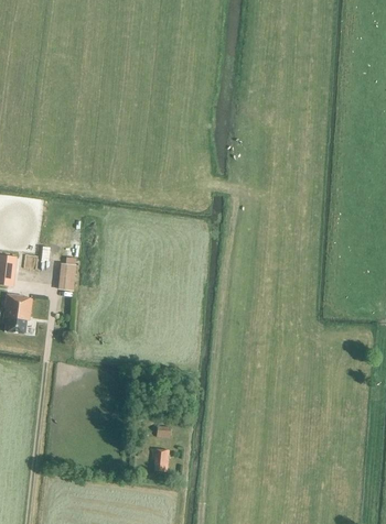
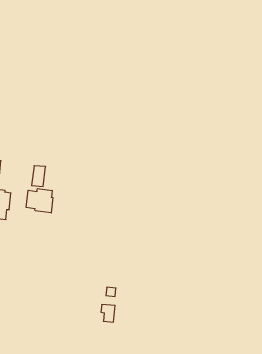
building: none -> [26,189,53,213]

